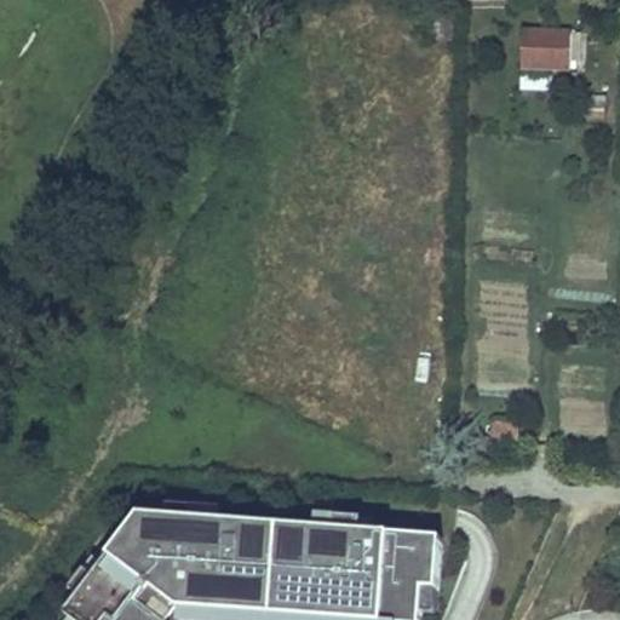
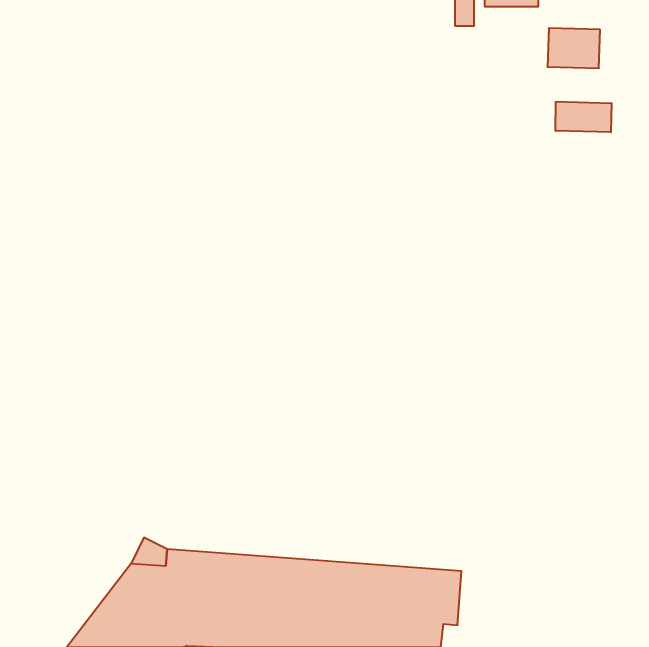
building: none -> [556,102,611,132]

